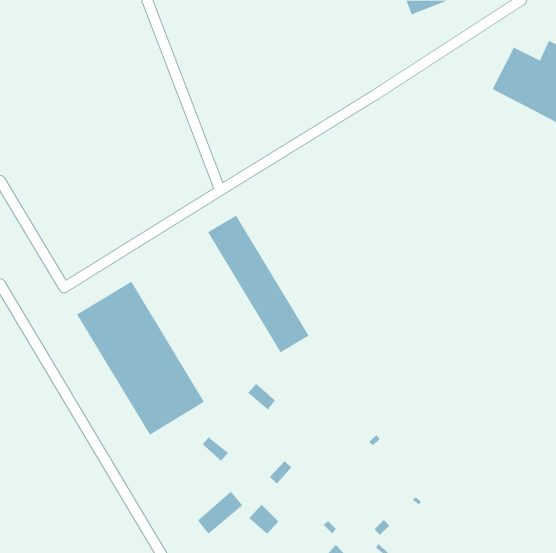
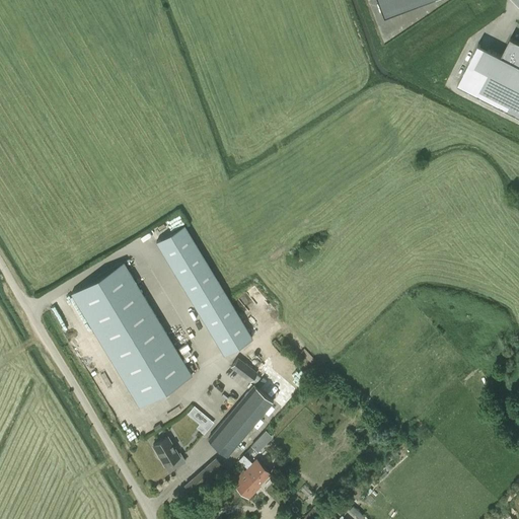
building: [207,215,310,353] -> [157,228,252,357]
building: none -> [208,387,274,458]
building: none -> [154,439,186,471]
building: none -> [239,457,272,488]

